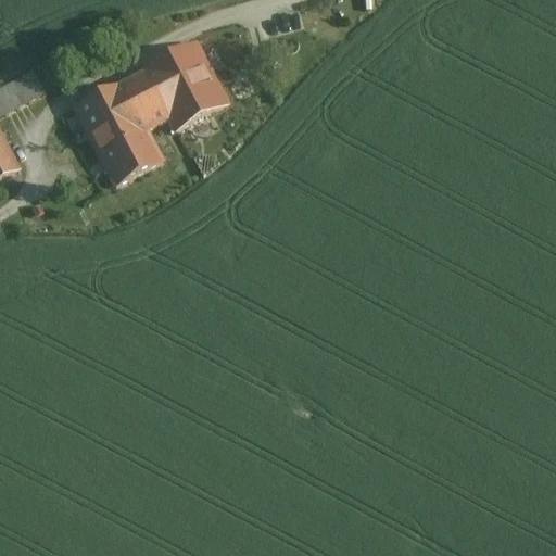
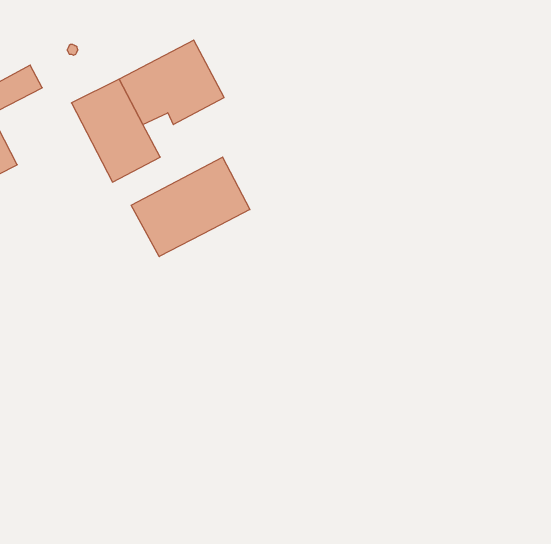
building: none -> [131,157,250,257]

